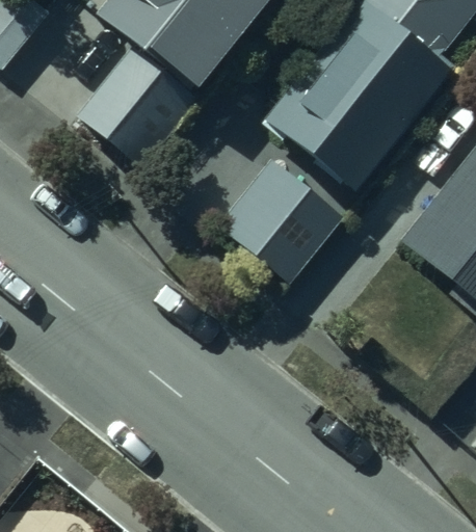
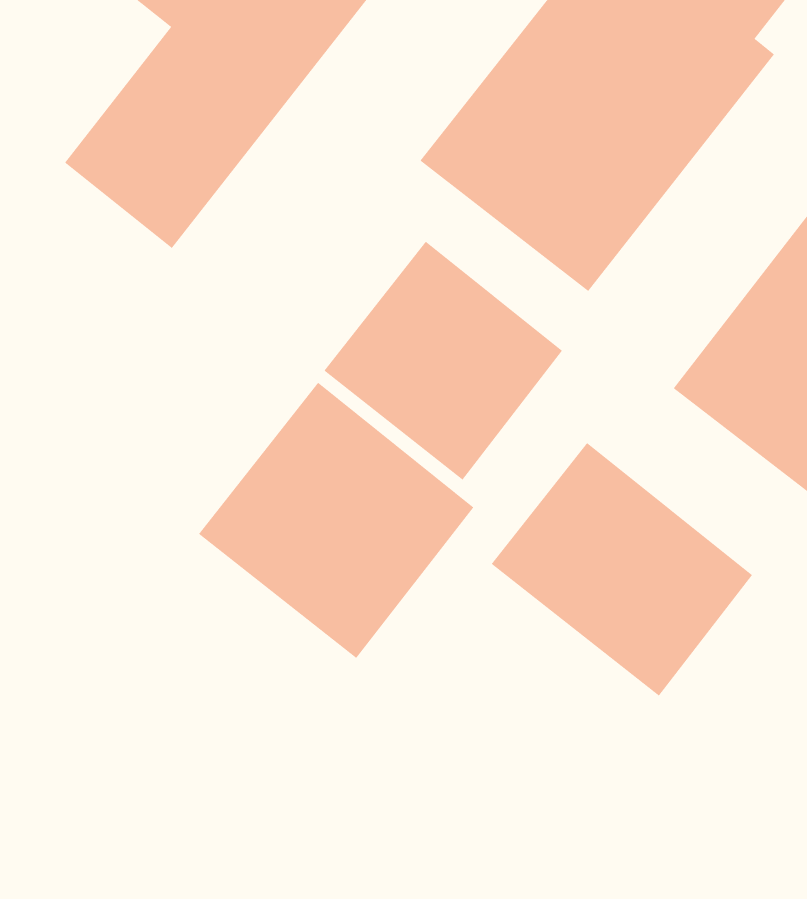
building: none -> [198,382,474,659]
building: none -> [491,442,753,697]

